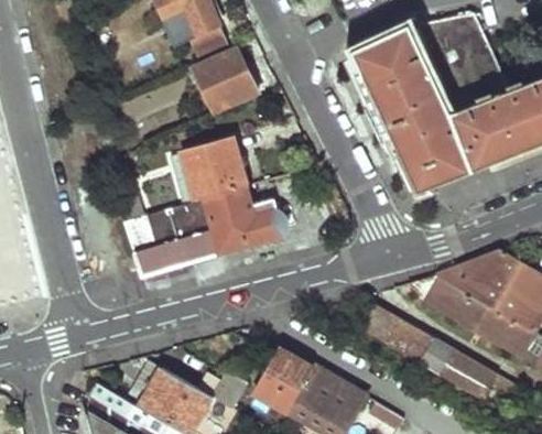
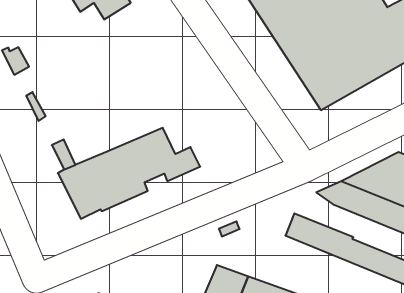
building: [192,47,254,112] -> none
building: [164,140,242,205] -> none

